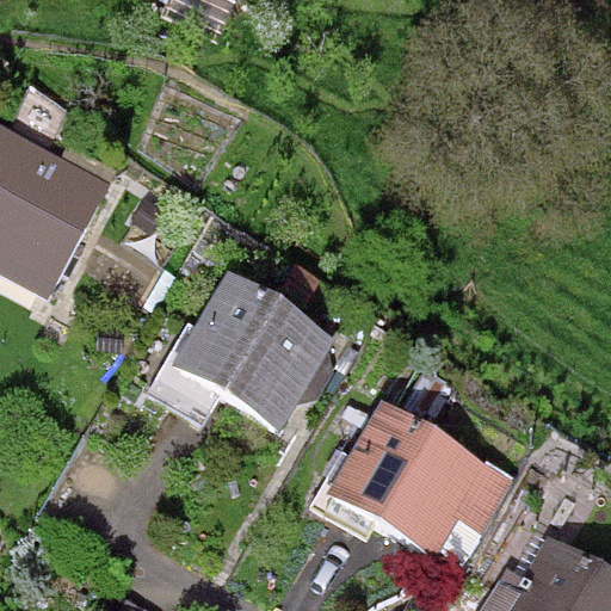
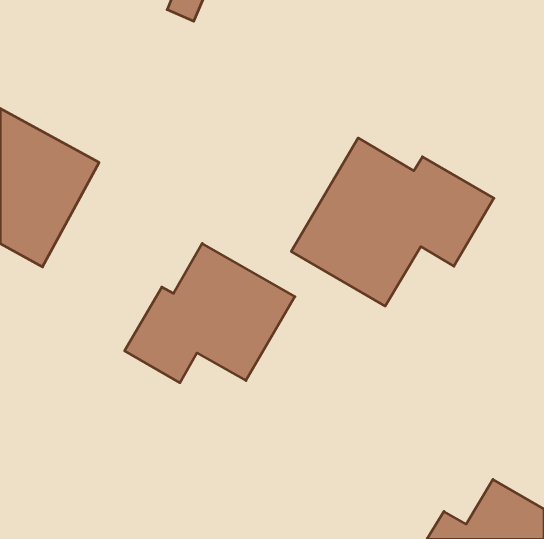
building: none -> [291,138,494,306]
building: [323,399,516,561] -> none

